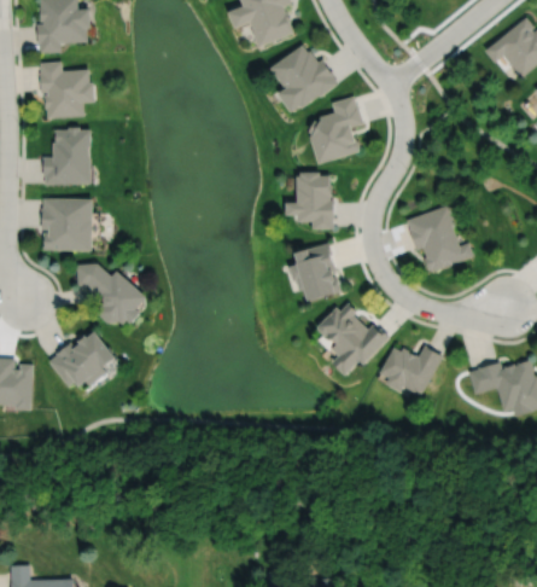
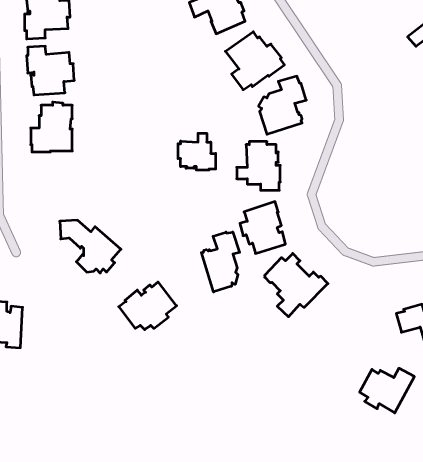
building: none -> [178,133,216,170]
building: [41,198,93,251] -> none
building: [407,205,473,272] -> none
building: none -> [201,232,240,292]
building: [49,333,117,389] -> [119,282,177,330]
building: [379,347,443,399] -> [360,368,414,413]

